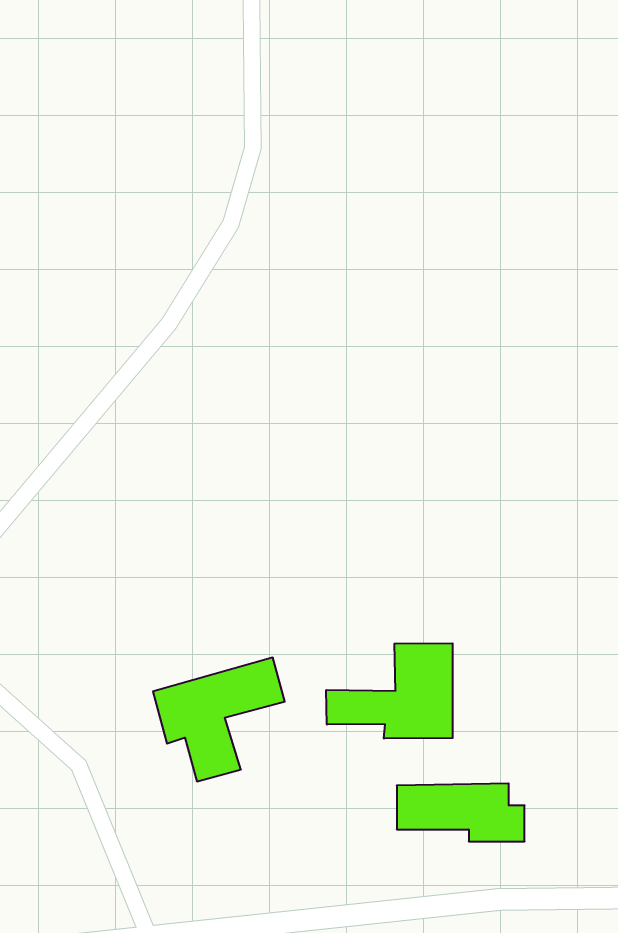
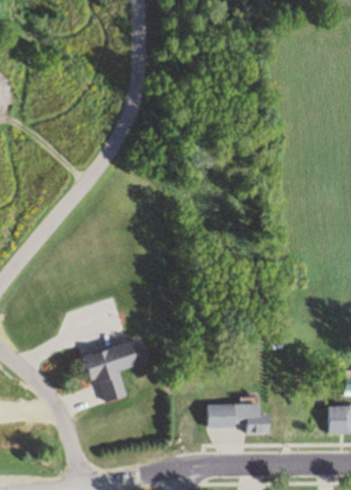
building: [326,643,453,739] -> none

